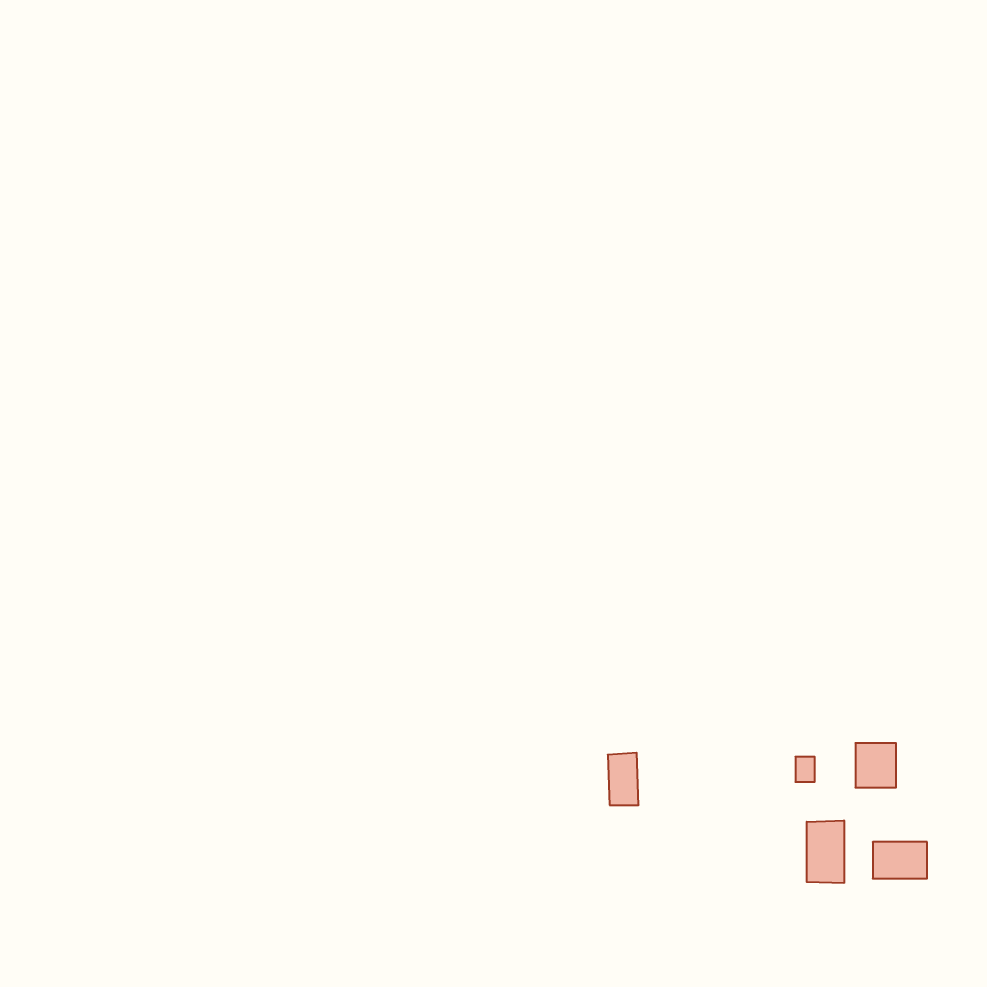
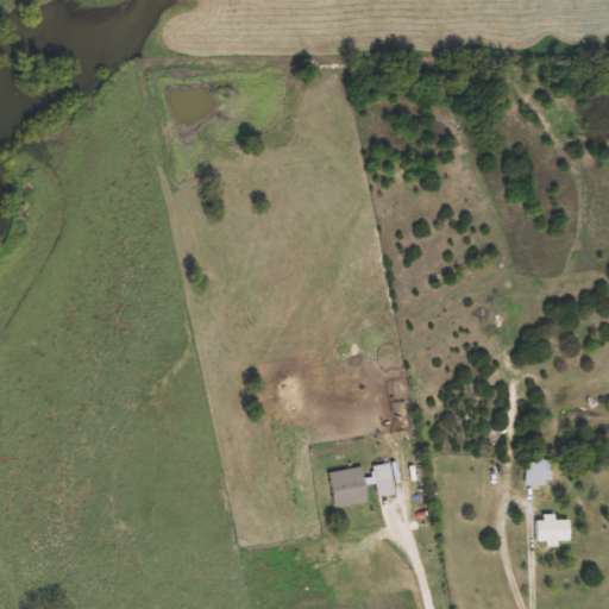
building: none -> [329,466,368,507]
building: [807,820,844,883] -> none

